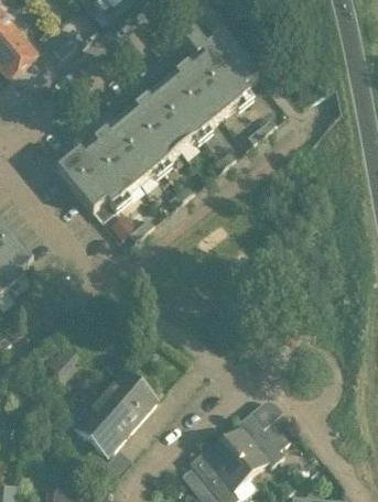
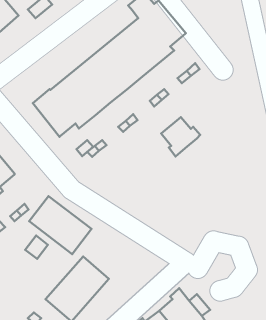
building: none -> [161,117,200,156]
building: none -> [29,196,91,254]

